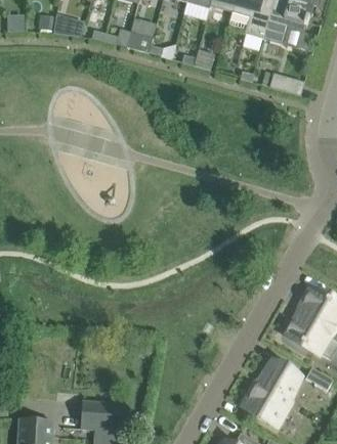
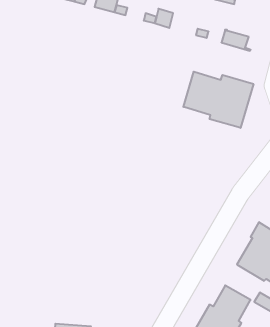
building: none -> [183,72,253,128]

